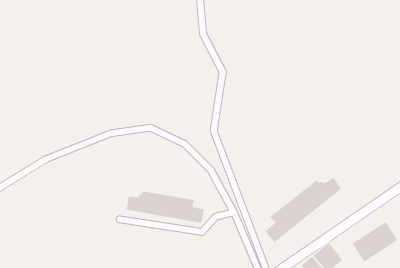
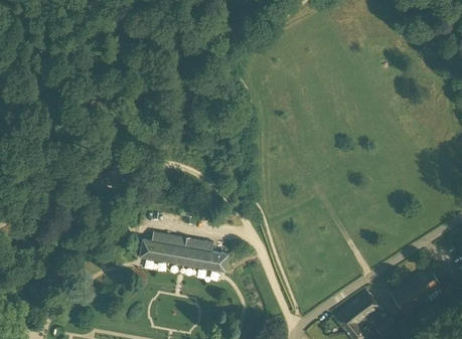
building: [264,176,342,243] -> none

